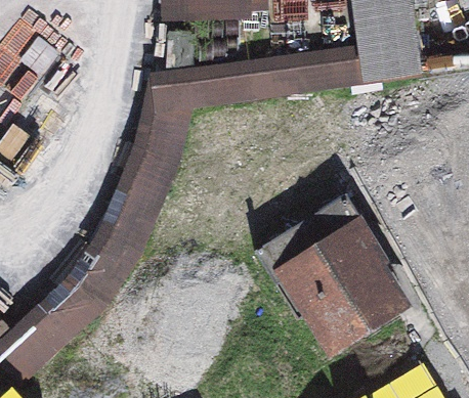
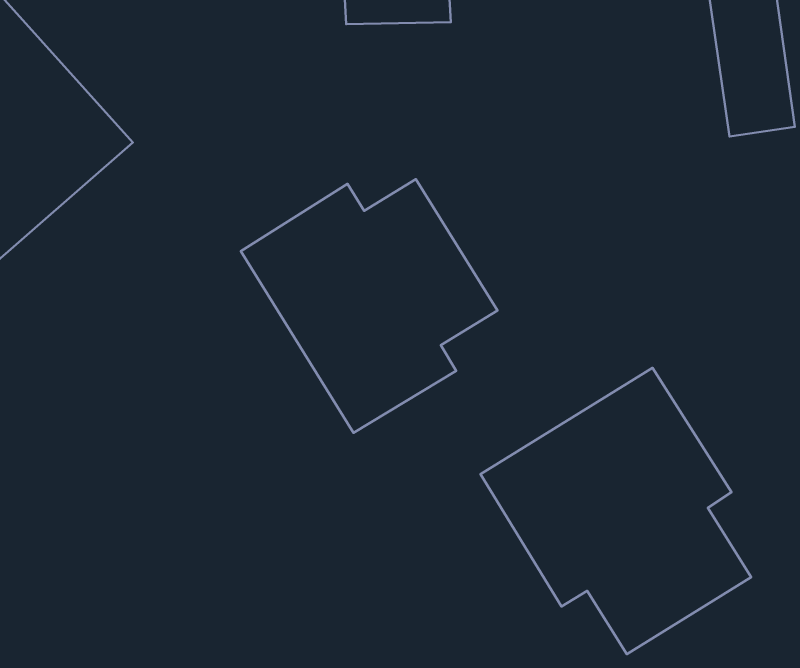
building: none -> [241,179,498,433]

